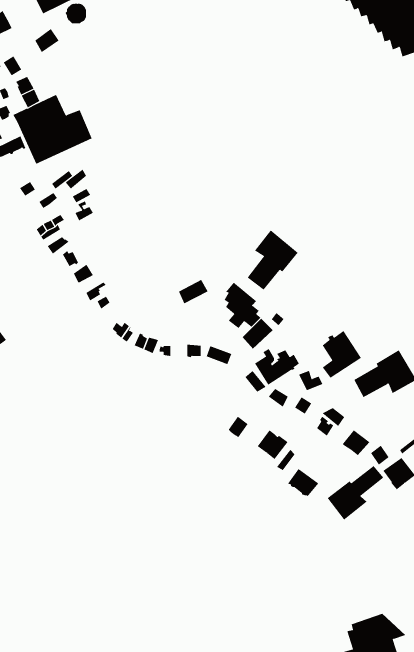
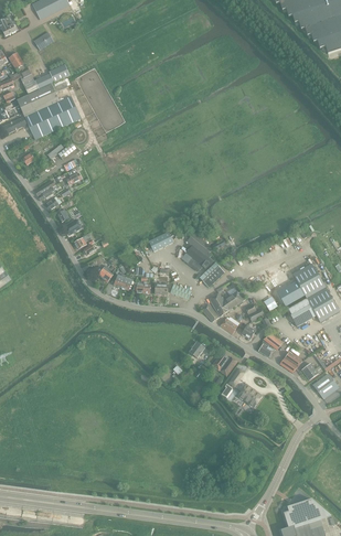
building: [247,230,299,290] -> none
building: none -> [291,262,324,298]
building: [327,465,384,520] -> none

